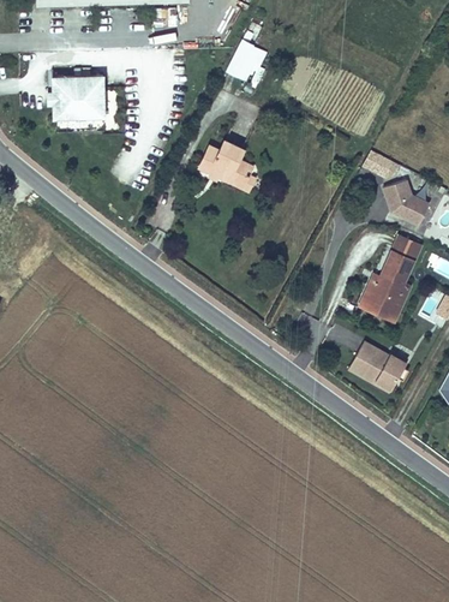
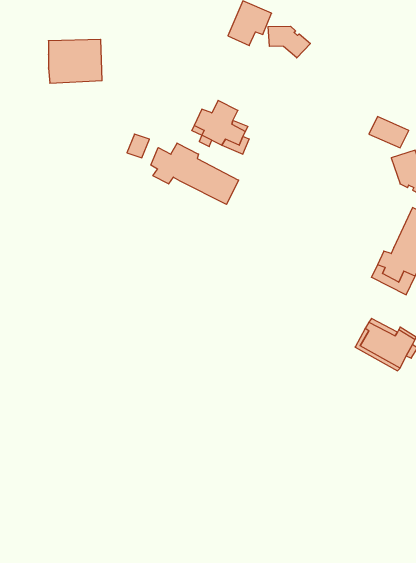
building: none -> [268,26,310,58]
building: none -> [151,143,239,204]

